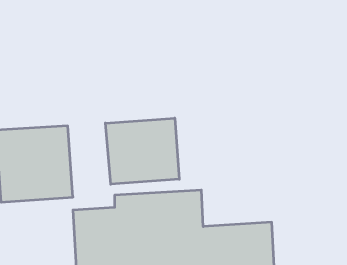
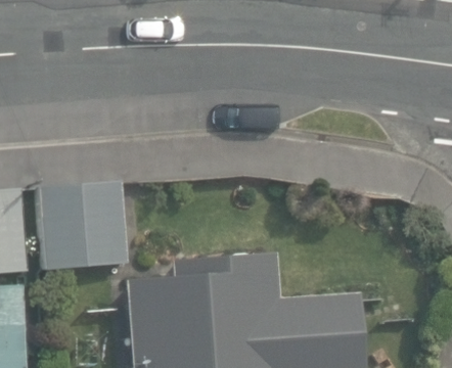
building: [105,118,179,184] -> none

